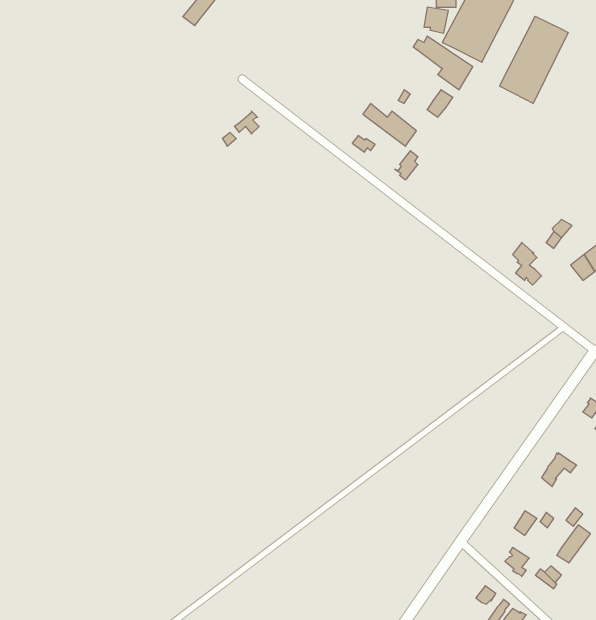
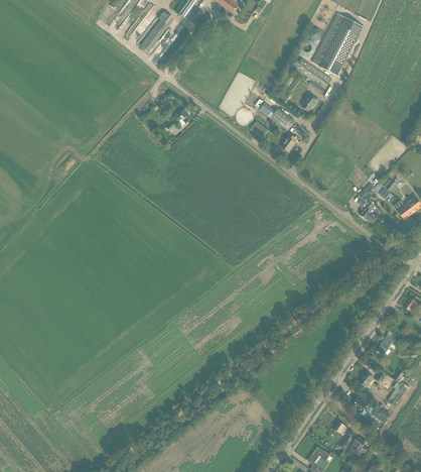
building: [500,16,568,104] -> none

